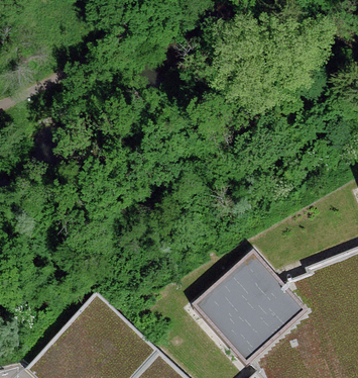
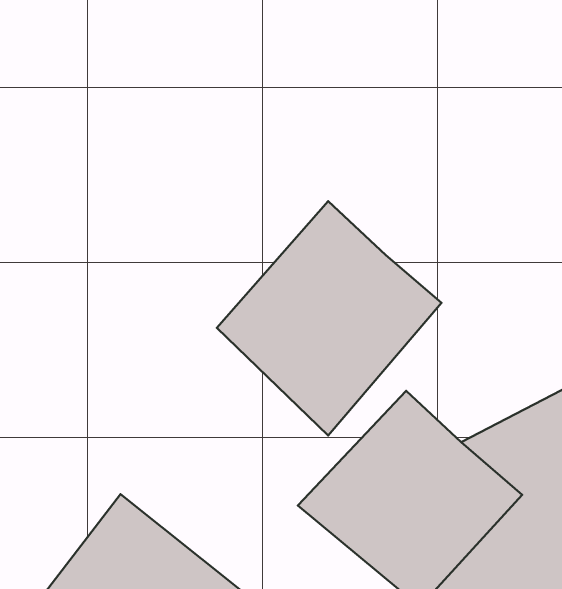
building: none -> [217,201,442,436]

